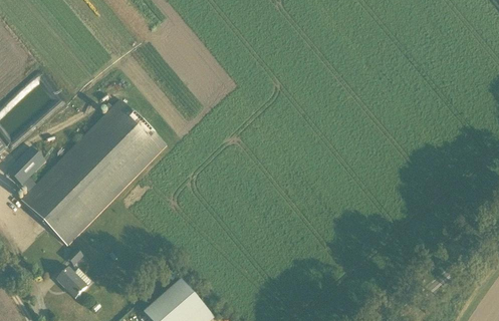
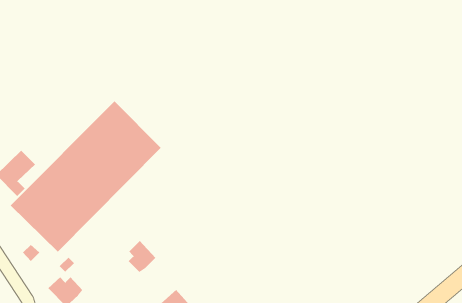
building: none -> [128,240,156,273]

